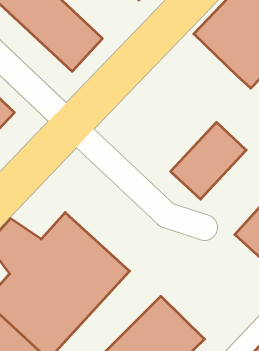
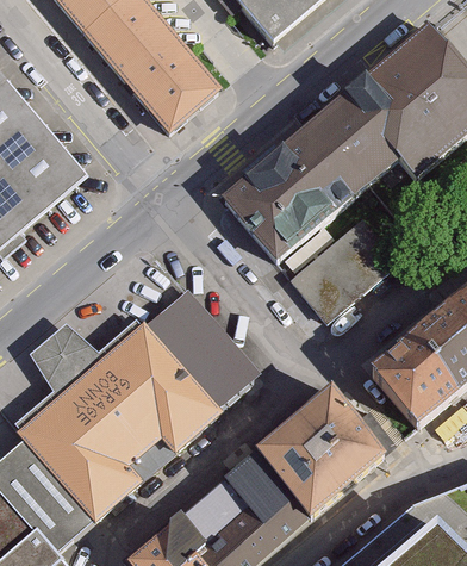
building: none -> [220,95,397,261]
building: none -> [144,294,260,412]
building: none -> [259,392,386,517]

